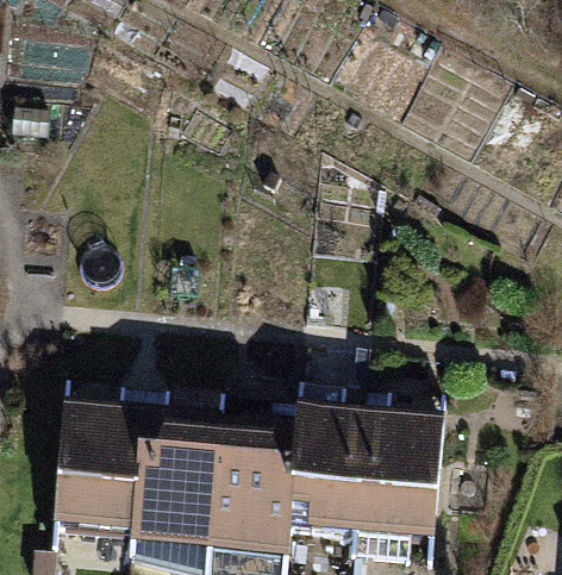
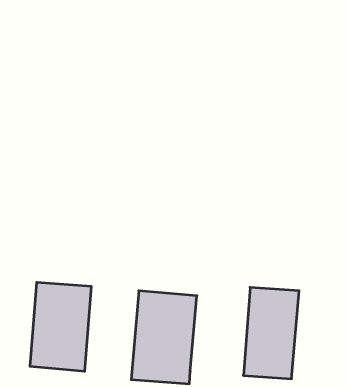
building: [285,418,370,550] -> none
building: [132,423,211,556] -> none

